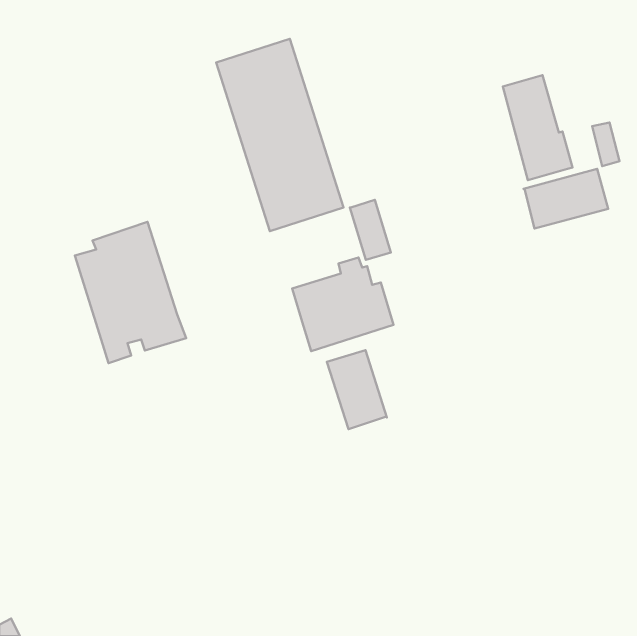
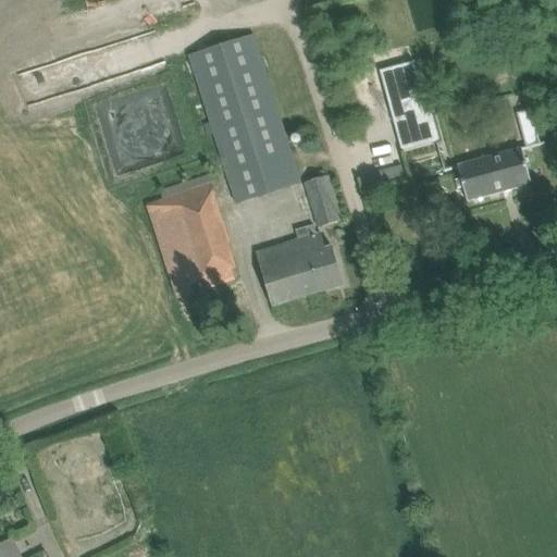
building: [503,75,573,180] -> [379,59,440,150]
building: [75,222,186,363] -> [144,174,240,297]
building: [327,350,387,429] -> none

